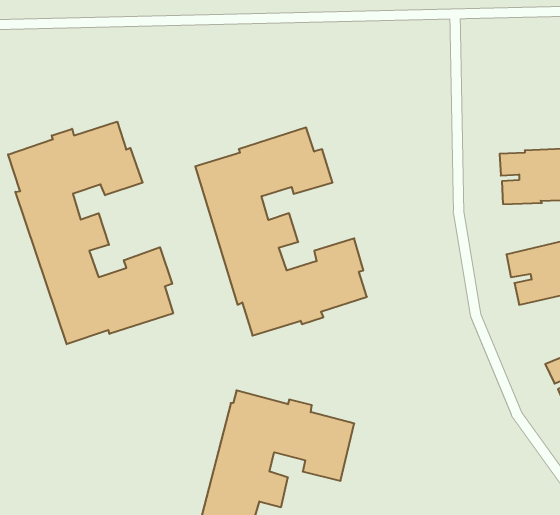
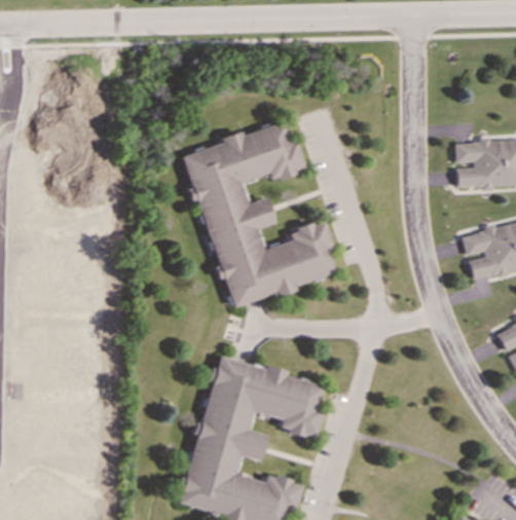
building: [8,122,173,344] -> none

